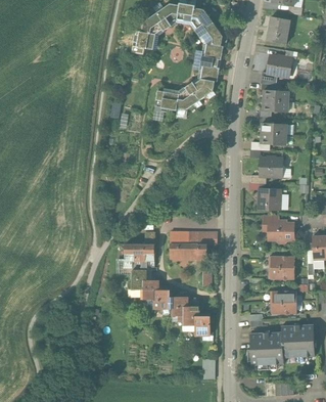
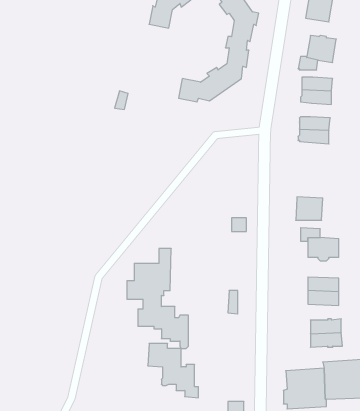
building: [260,157,282,177] -> none
building: [170,232,207,267] -> none
building: [172,297,214,342] -> [148,344,198,398]

